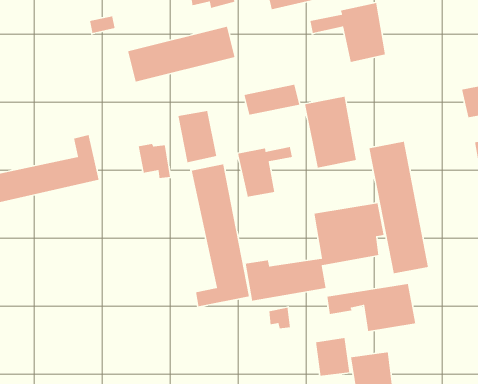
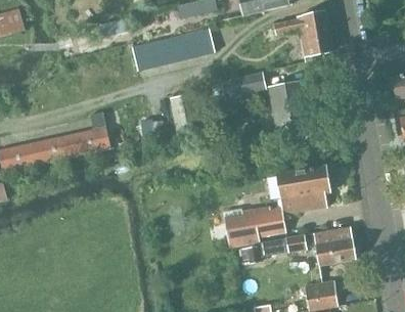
building: [369,141,429,274] -> none
building: [237,146,293,198] -> none
building: [191,164,250,307] -> none
building: [315,337,350,376] -> none

